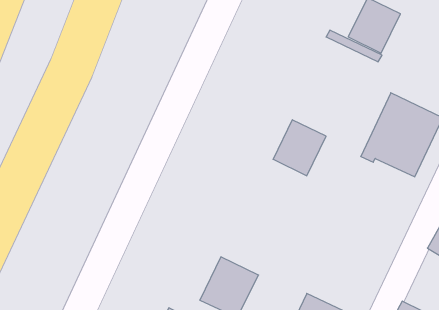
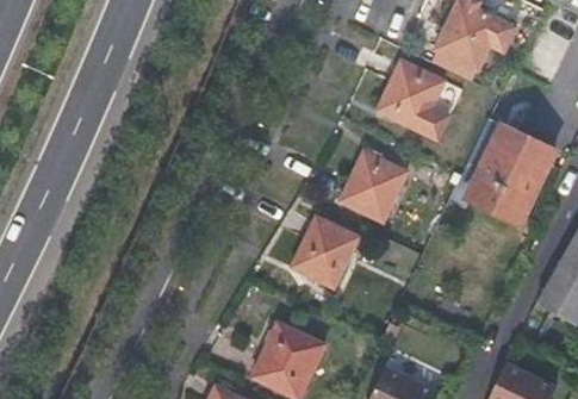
building: none -> [381,61,452,138]
building: none -> [294,216,360,285]

